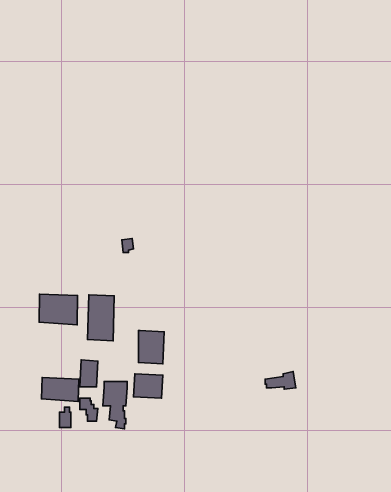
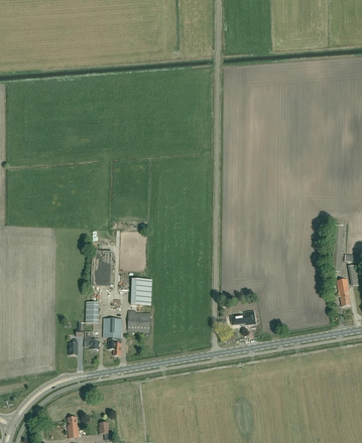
building: [39,294,78,325] -> none
building: [42,377,79,402] -> none

